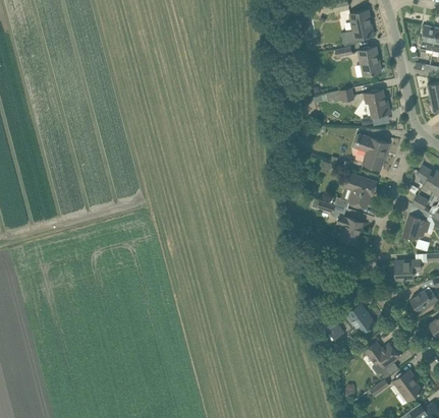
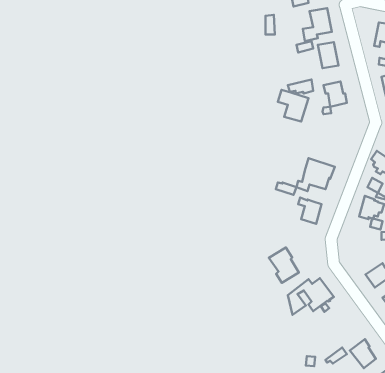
building: [355,134,389,169] -> [278,90,309,122]
building: [395,259,421,279] -> none
building: none -> [269,248,299,283]
building: [366,342,399,374] -> none

